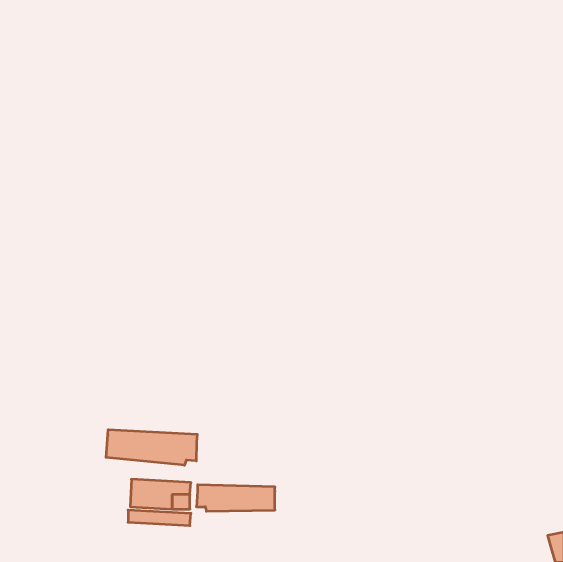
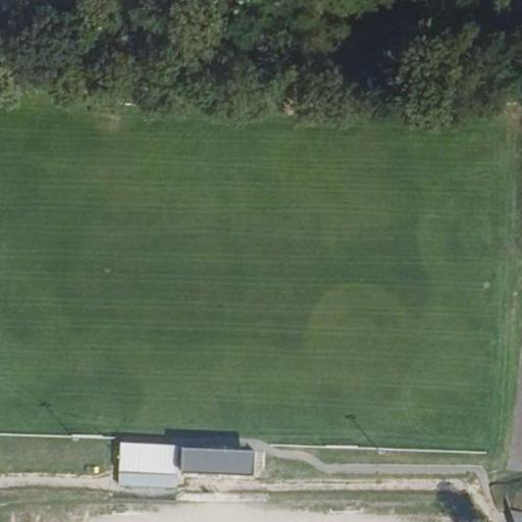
building: [106,430,197,465] -> none

